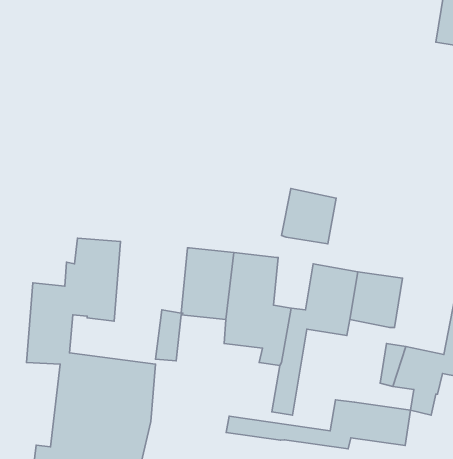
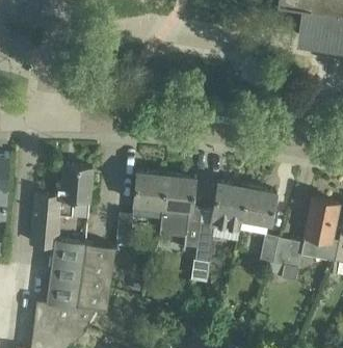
building: [282,188,336,244] -> none
building: [226,400,410,449] -> none

